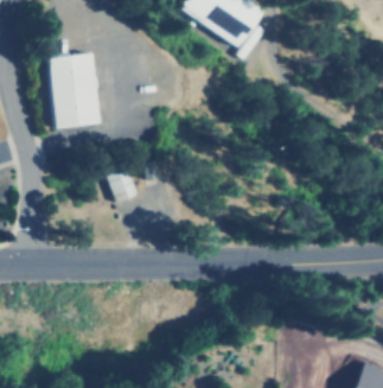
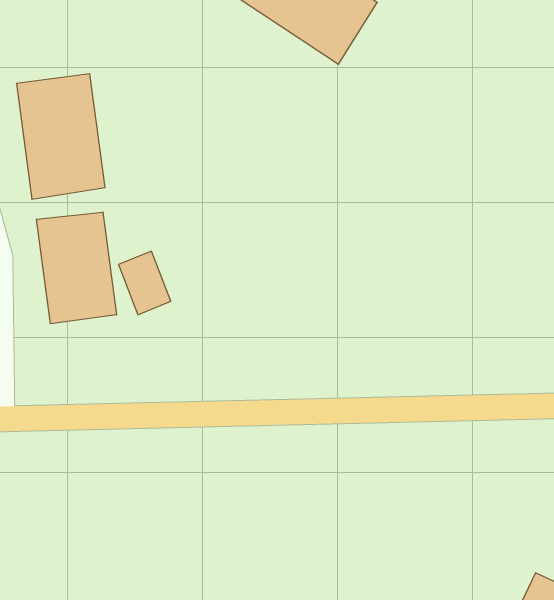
building: none -> [36,212,116,324]

